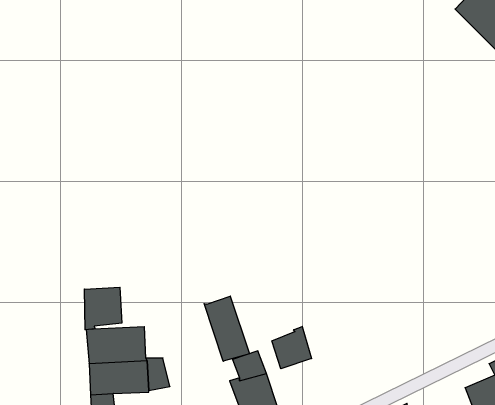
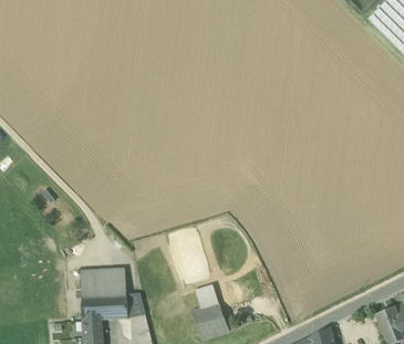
building: [84,287,122,330] -> none
building: [204,296,250,361] -> none
building: [272,326,312,369] -> none

